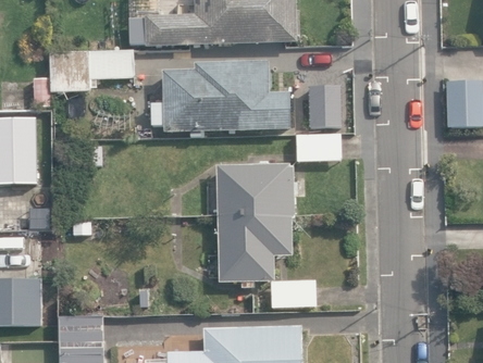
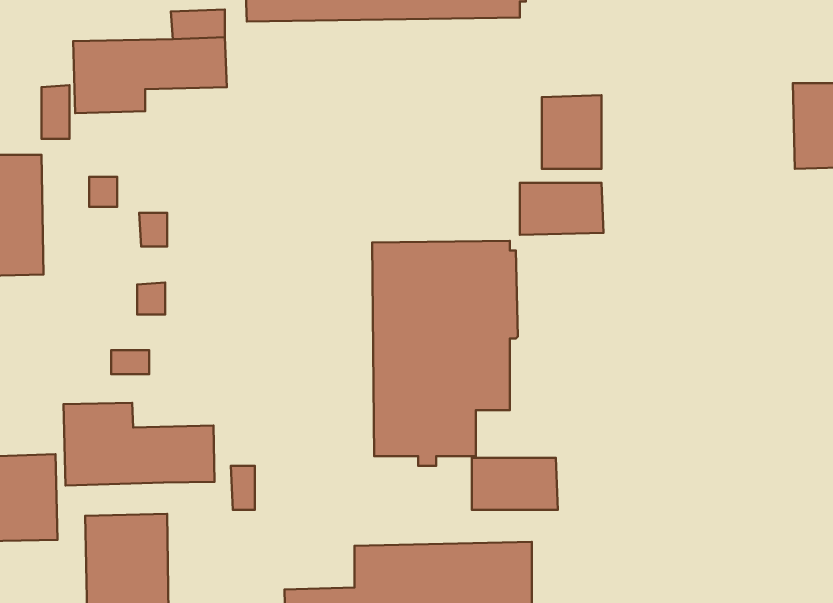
building: [152,61,292,137] -> none
building: none -> [63,403,214,486]

